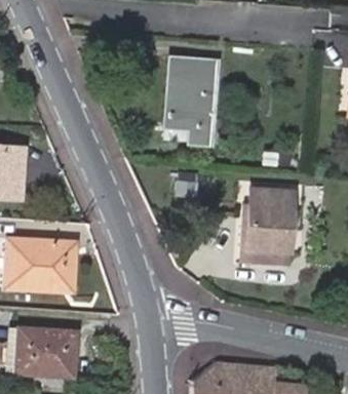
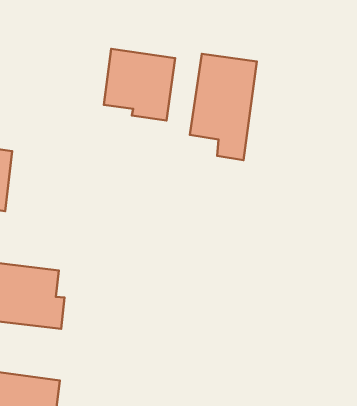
building: none -> [104,49,175,121]
building: [241,189,294,264] -> none

